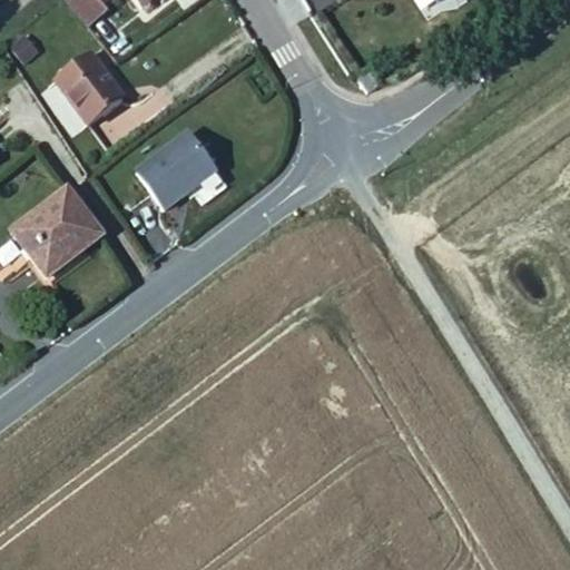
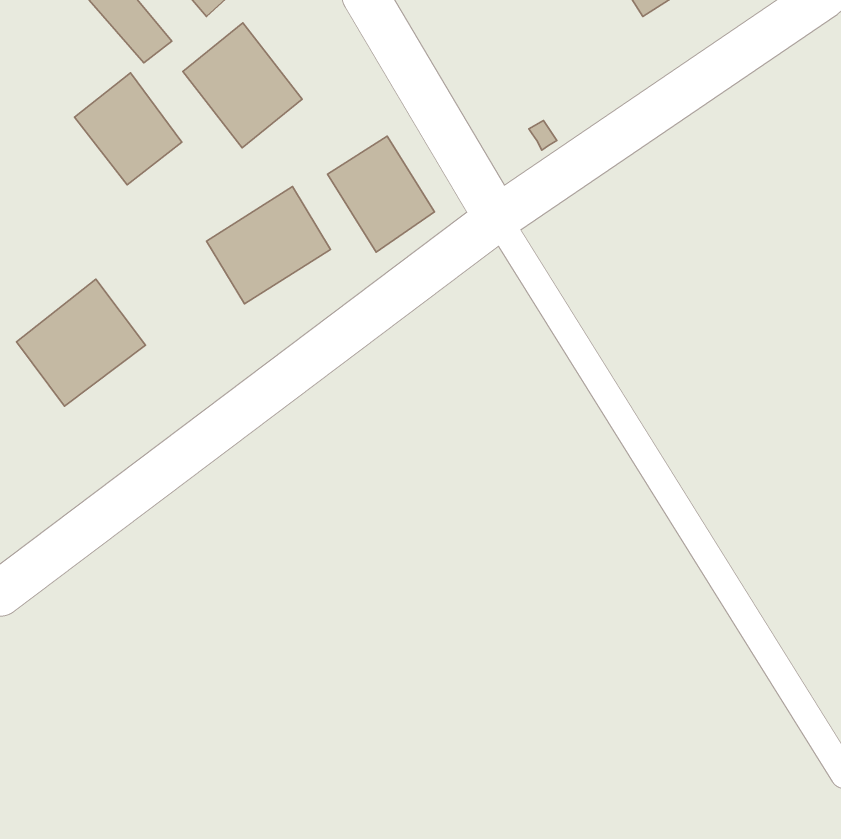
building: none -> [183,23,302,148]
building: none -> [327,136,435,252]

